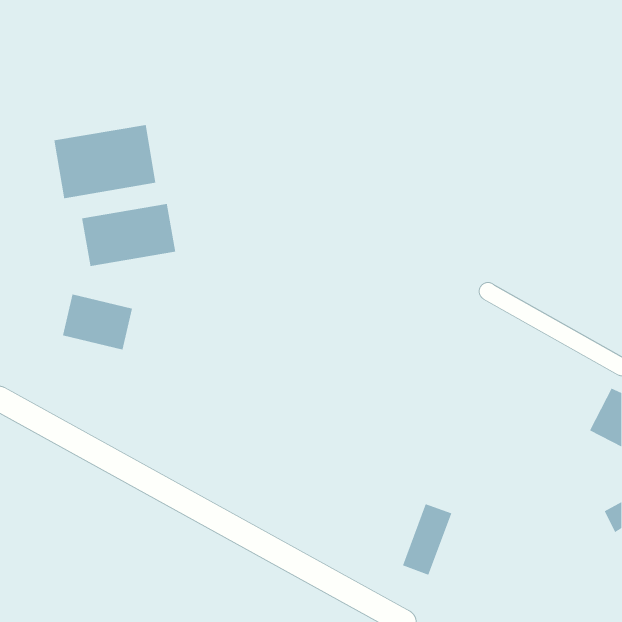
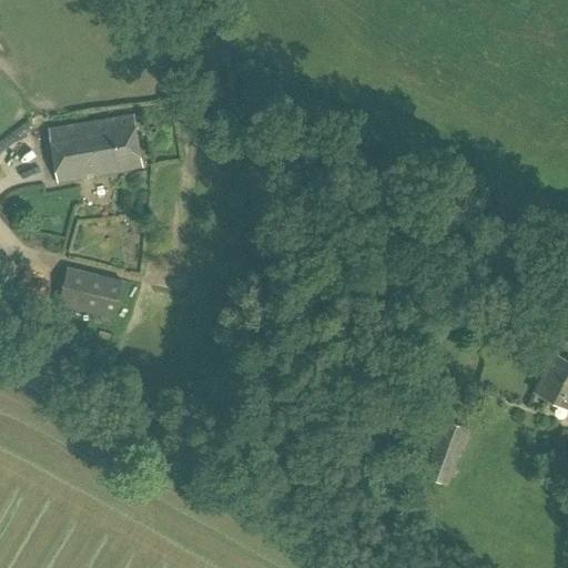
building: [82,203,176,267] -> none
building: [402,503,452,575] -> [424,419,469,485]

